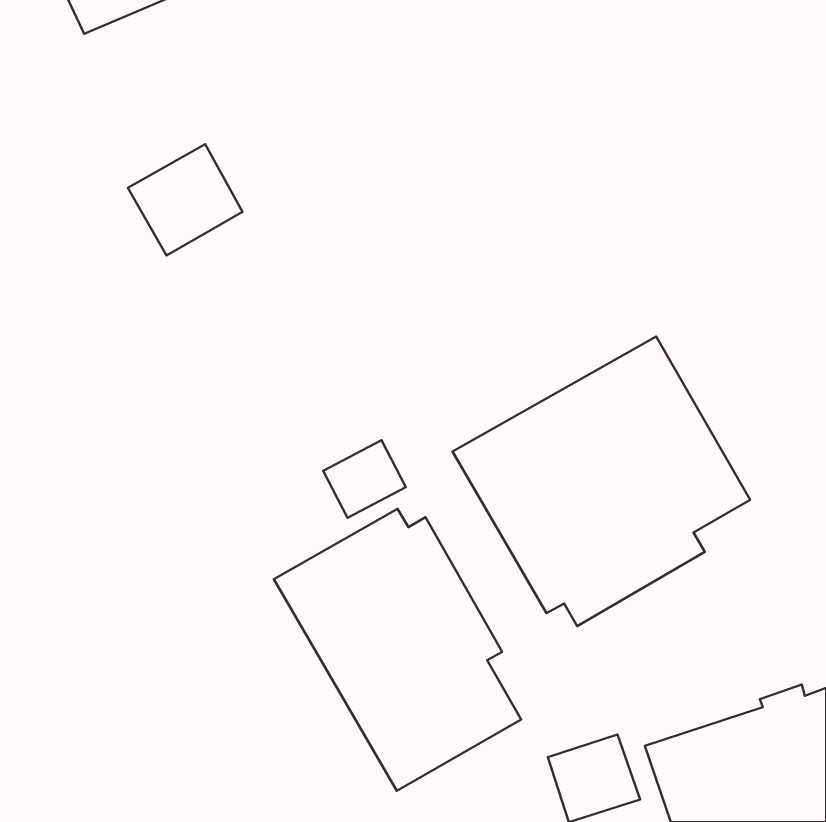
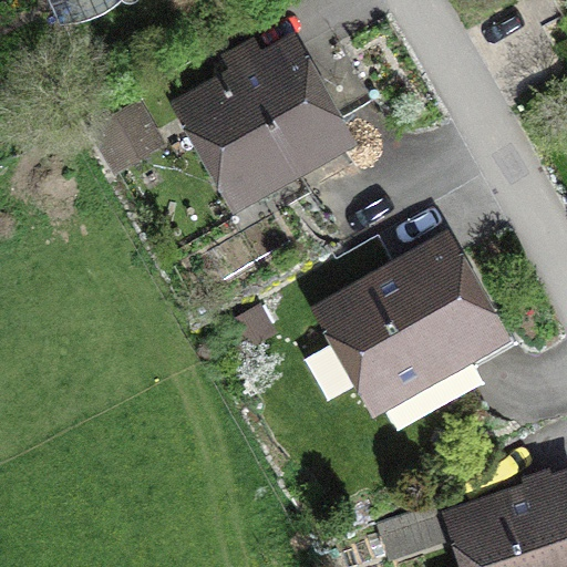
building: none -> [171,33,359,224]
building: [274,509,521,791] -> none

